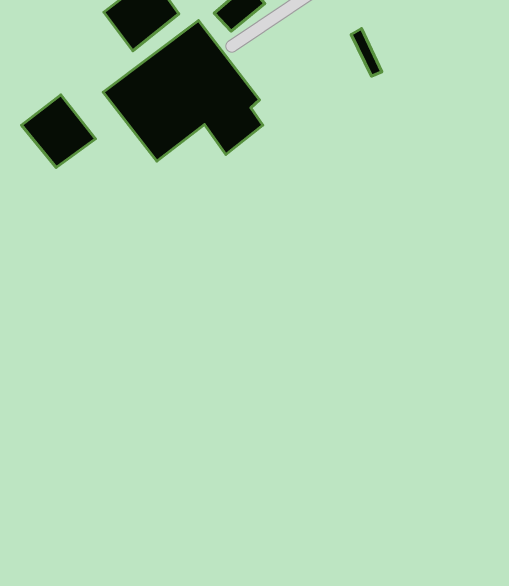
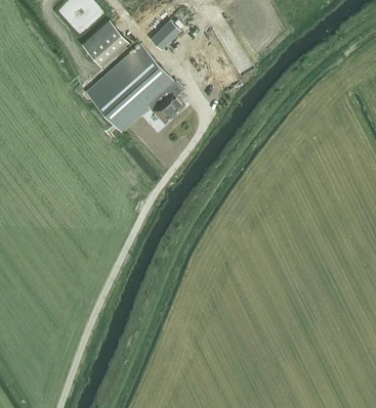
building: [21,95,95,168] -> none

